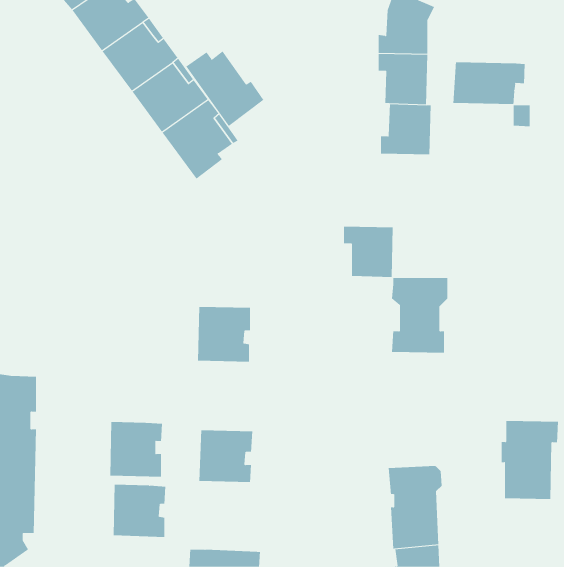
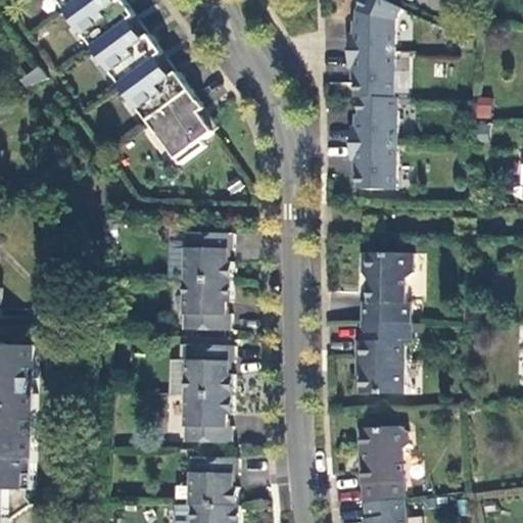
building: [186,51,264,127] -> none
building: [453,61,525,105] -> none
building: [343,226,393,277] -> [348,141,394,188]
building: none -> [165,234,231,282]
building: [501,420,559,500] -> [354,323,408,395]
building: [109,421,163,477] -> [184,344,233,395]
building: [113,484,166,538] -> [188,457,237,506]

